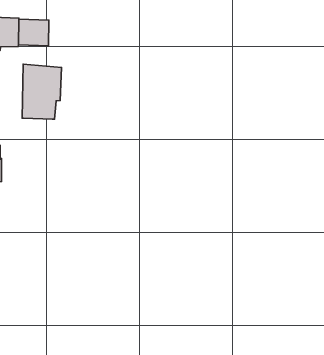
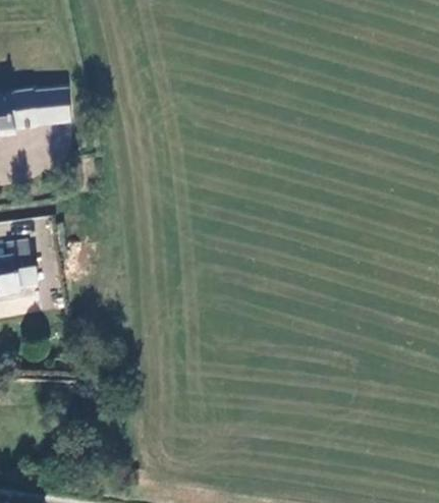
building: [22,64,62,119] -> none

